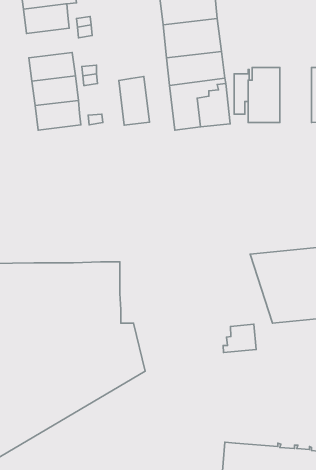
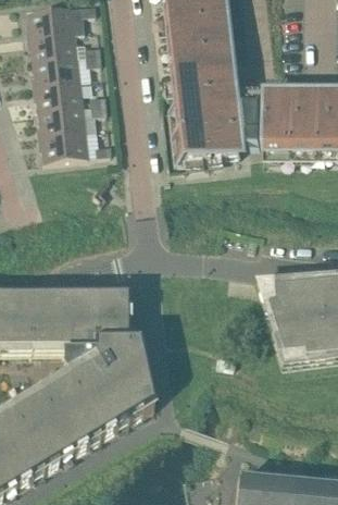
building: none -> [33,49,79,79]
building: none -> [292,89,325,146]
building: [119,76,150,125] -> none
building: [223,324,256,353] -> none

